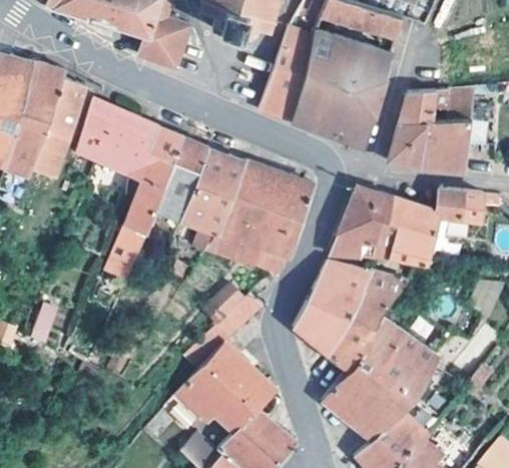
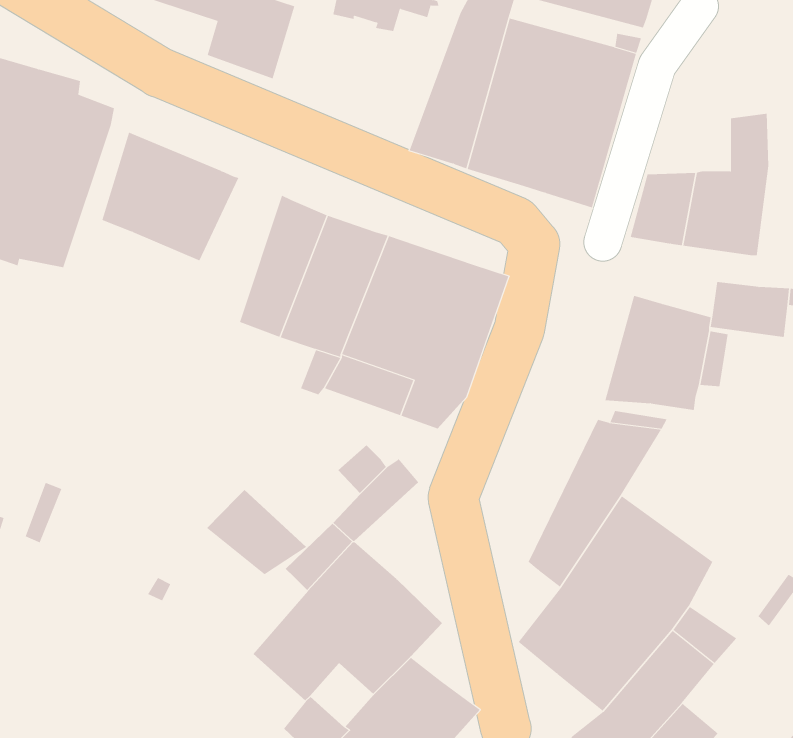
building: [397,91,446,124] -> none
building: [104,126,181,281] -> none
building: [329,184,389,258] -> none
building: [292,260,368,353] -> none
building: none -> [206,489,307,575]

